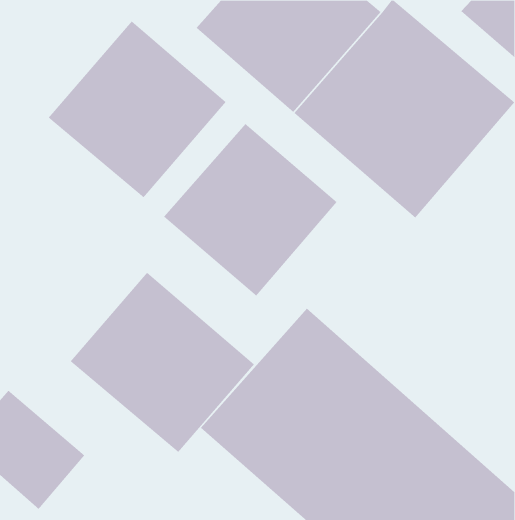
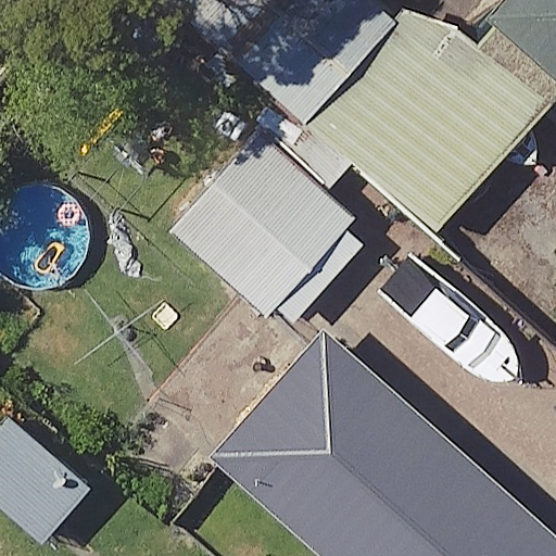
building: [48,20,226,198] -> none
building: [70,272,255,453] -> none

